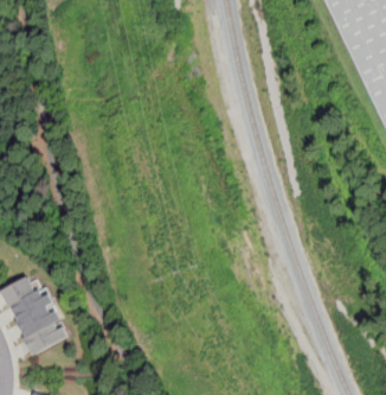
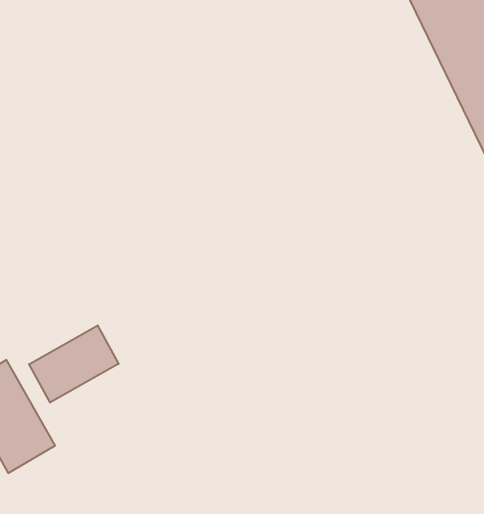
building: none -> [29,325,119,403]

